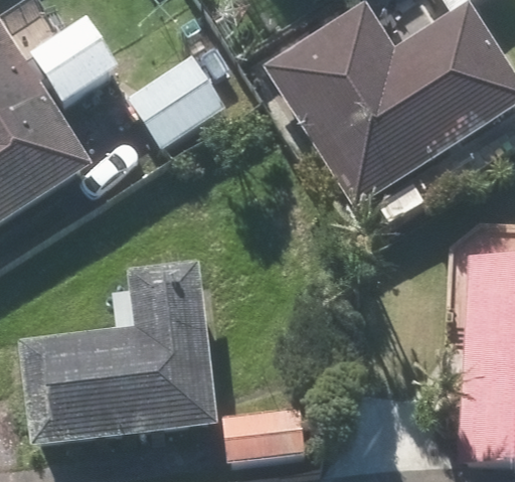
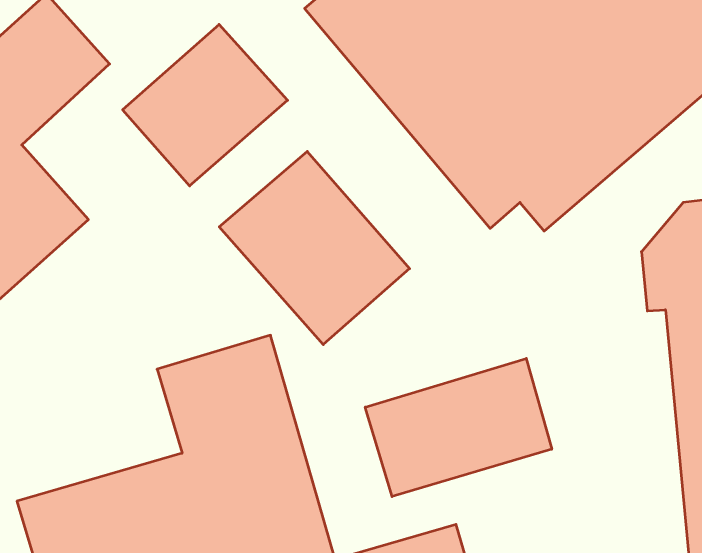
building: none -> [219,151,410,345]
building: none -> [365,358,552,497]

